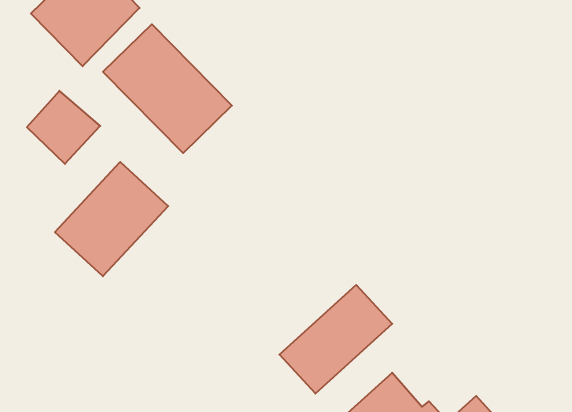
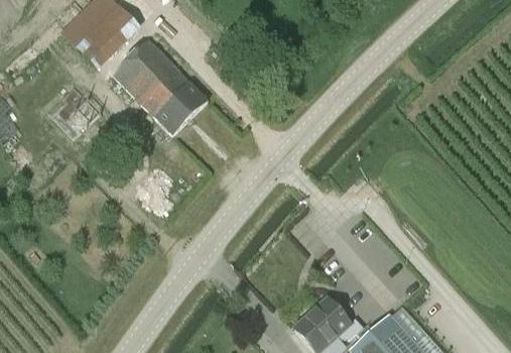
building: [55,162,168,276] -> none
building: [279,285,392,394] -> none

